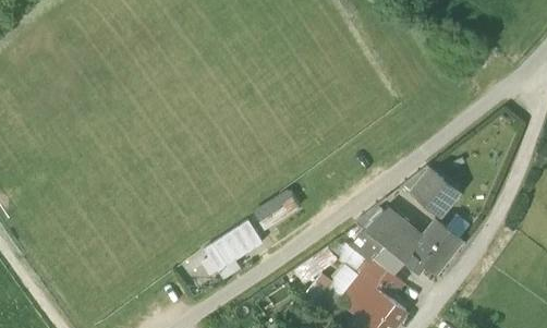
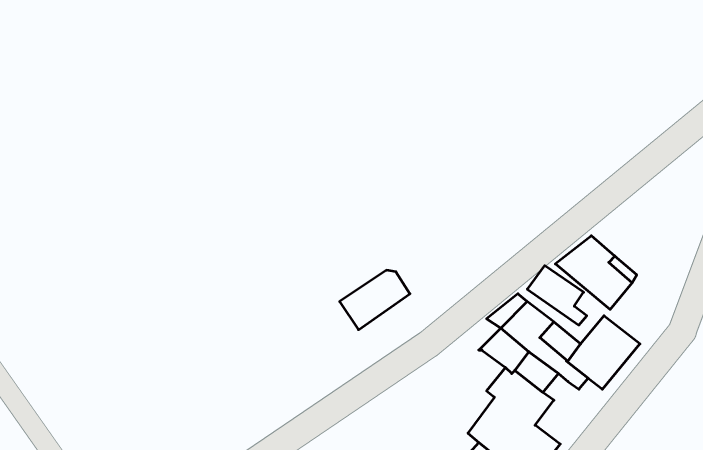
building: [204,219,263,272] -> none

